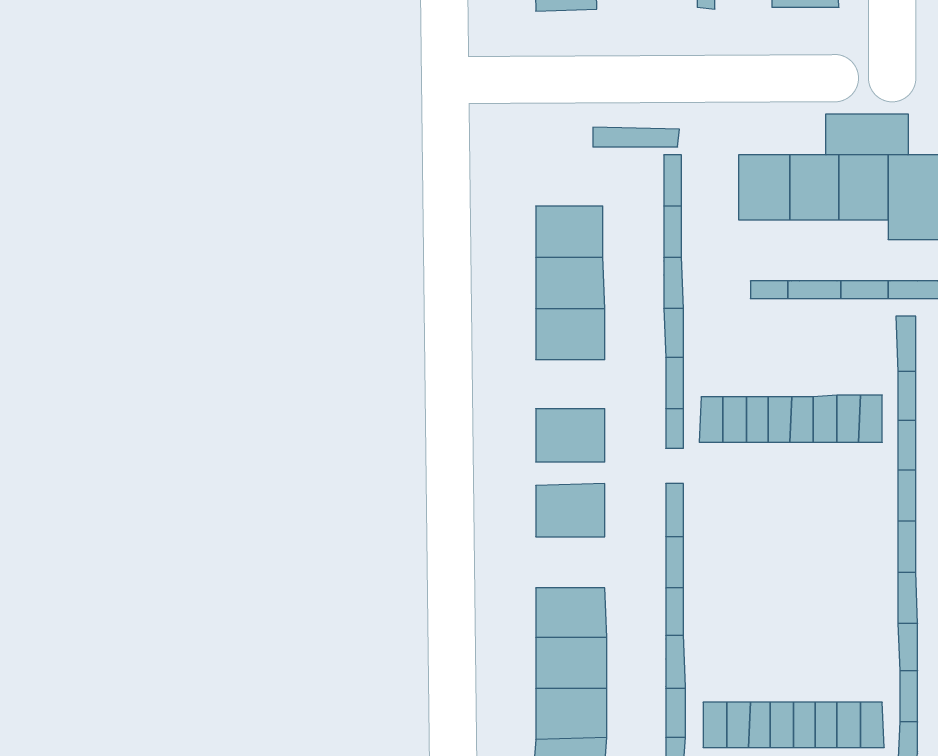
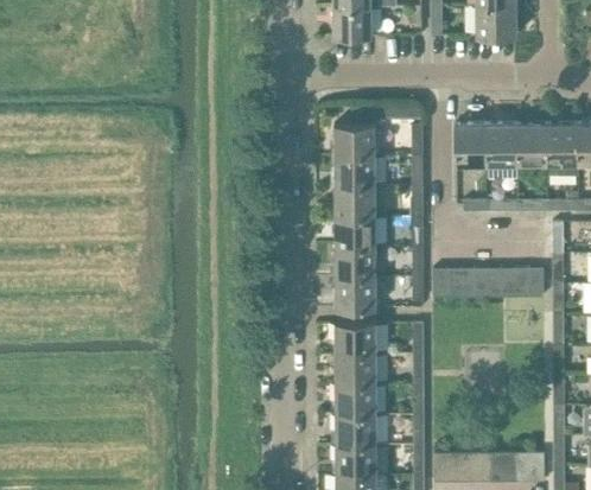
building: [826,114,908,155] -> none
building: none -> [335,125,375,155]
building: none -> [335,247,387,278]
building: none -> [335,355,376,386]

